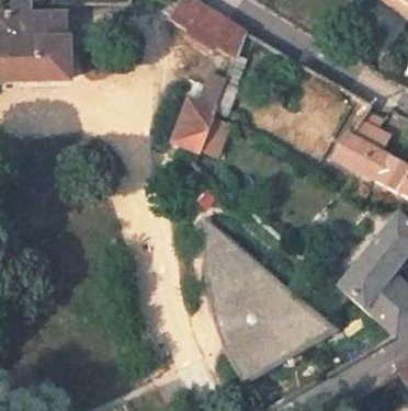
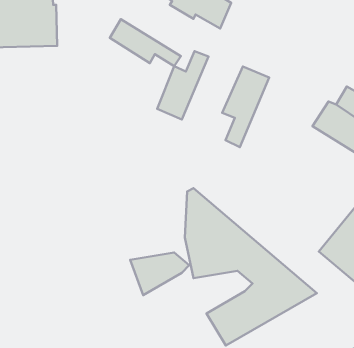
building: none -> [110,19,181,66]
building: none -> [222,67,269,147]
building: [211,306,271,350] -> [130,252,189,295]

